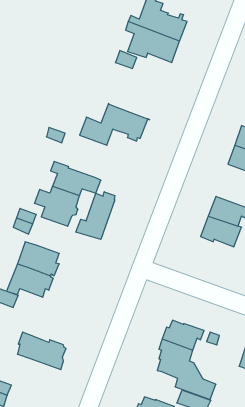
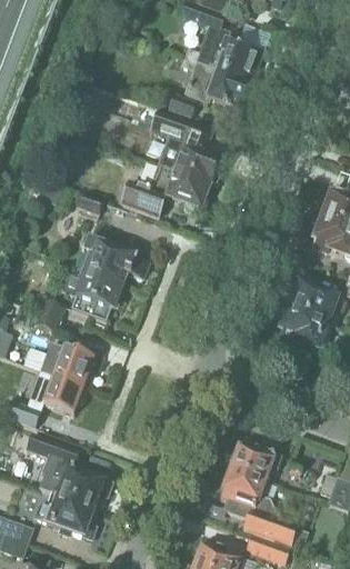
building: none -> [149,108,220,182]
building: [76,192,115,239] -> none
building: none -> [24,435,77,469]
building: none -> [34,493,96,533]

